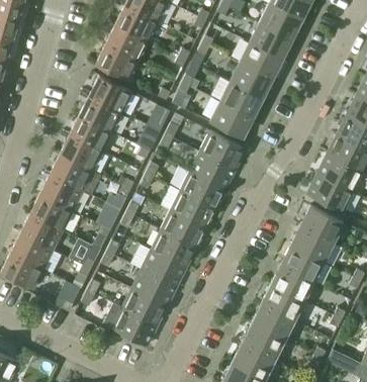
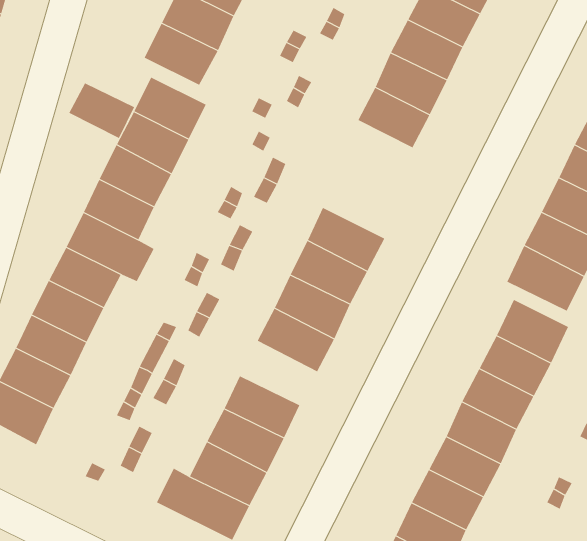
building: none -> [68,83,135,139]
building: [210,100,253,137] -> none
building: [200,130,247,169] -> none
building: [152,228,197,266] -> none

